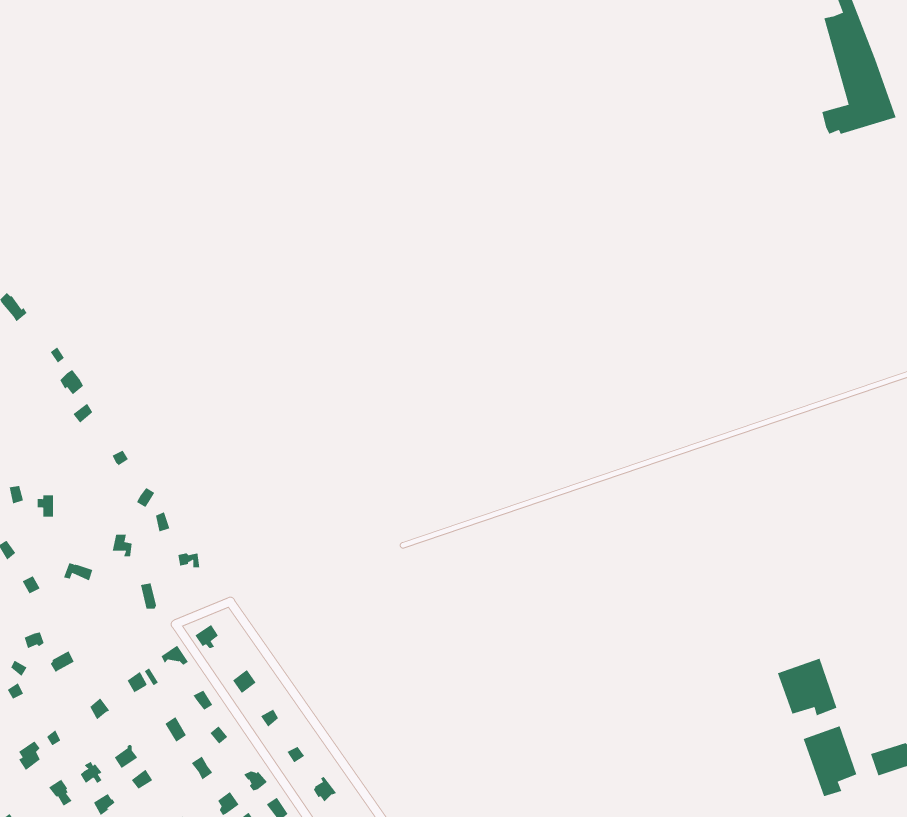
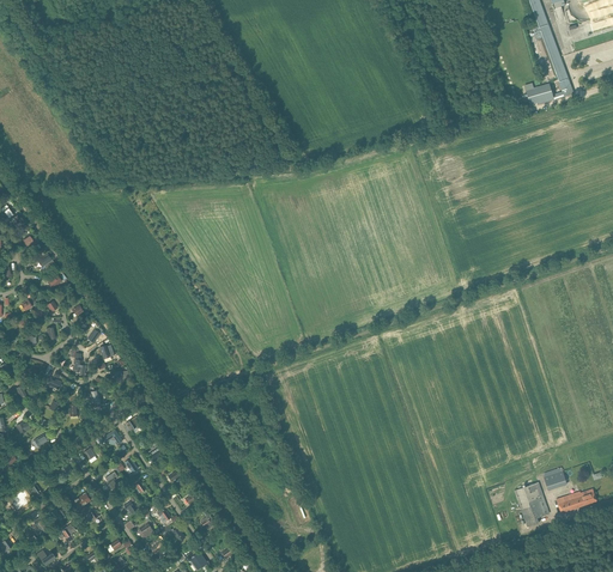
building: [777,658,837,716] -> none

